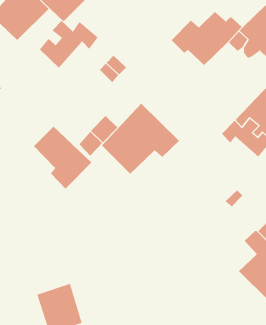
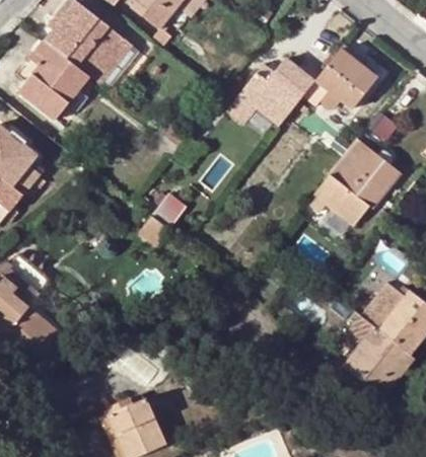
building: [39,20,98,69] -> none
building: [101,103,180,174] -> none
building: [33,126,92,189] -> none

